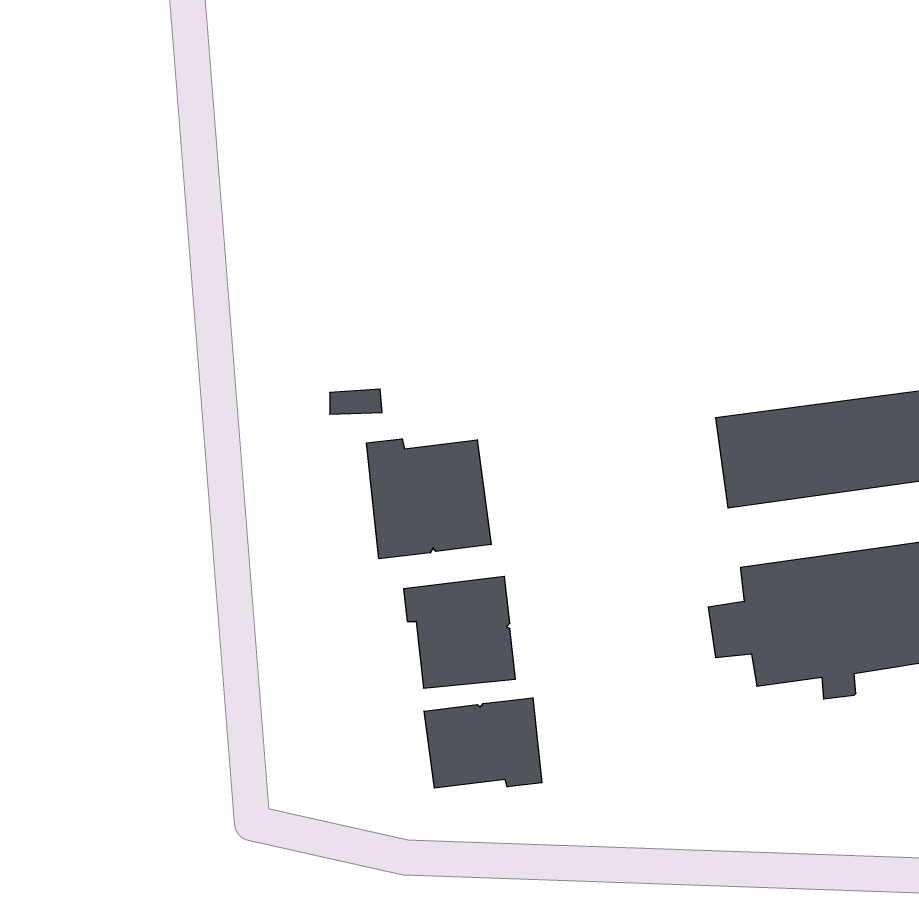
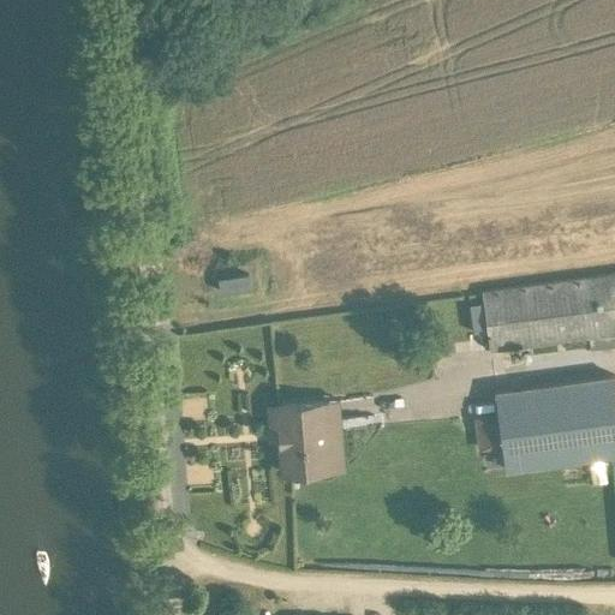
building: [367,439,491,559] -> none
building: [424,698,542,788] -> none

